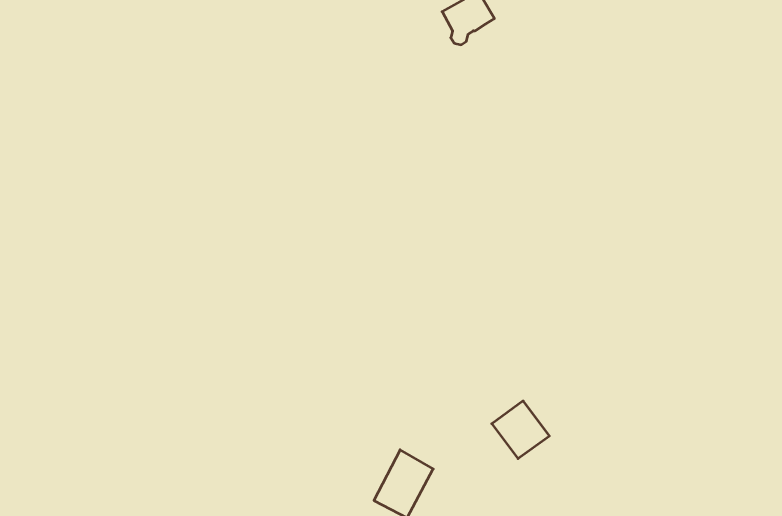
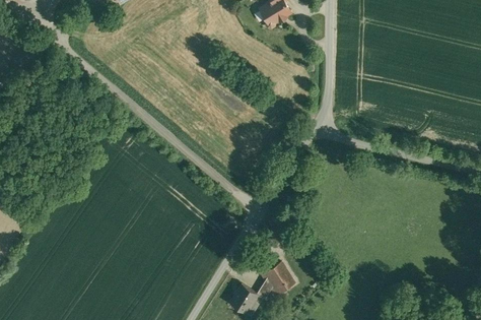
building: [492,401,549,459] -> [262,263,295,297]

